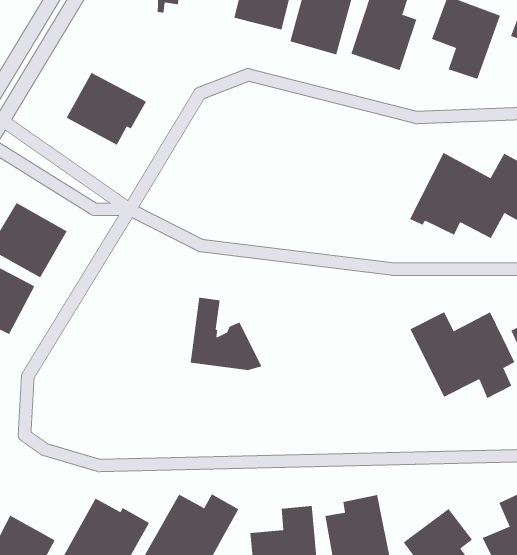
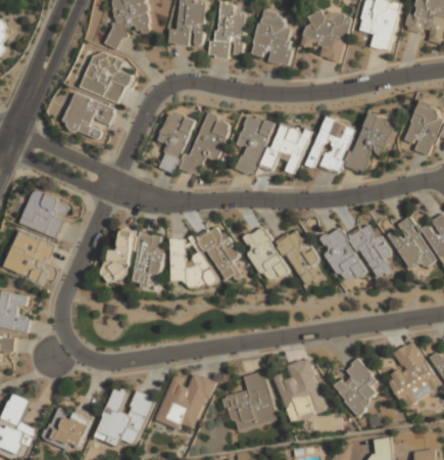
building: none -> [80,49,131,103]
building: none -> [159,110,191,173]
building: none -> [184,111,232,176]
building: none -> [237,113,310,176]
building: none -> [103,230,164,287]
building: none -> [194,222,241,281]
building: none -> [241,226,290,284]
building: none -> [277,228,322,289]

